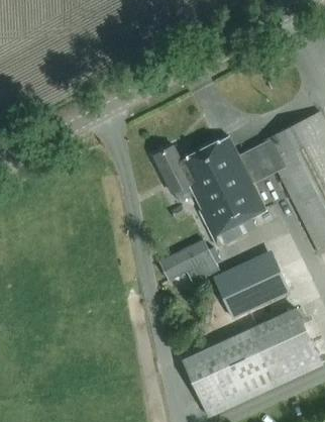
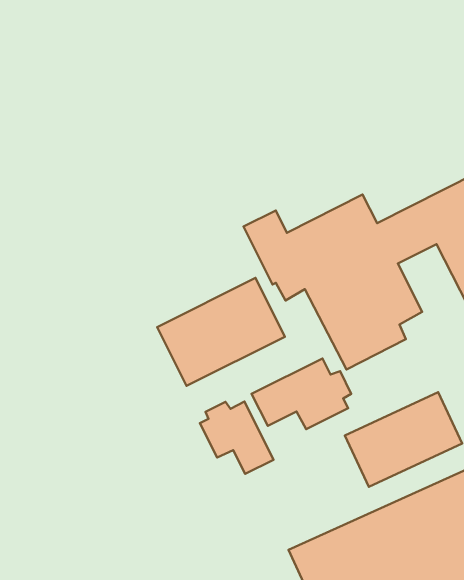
building: none -> [157,278,285,386]
building: none -> [200,402,274,474]

